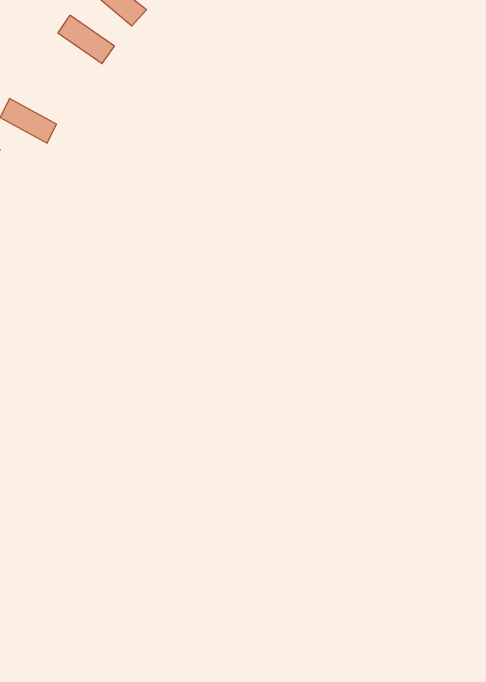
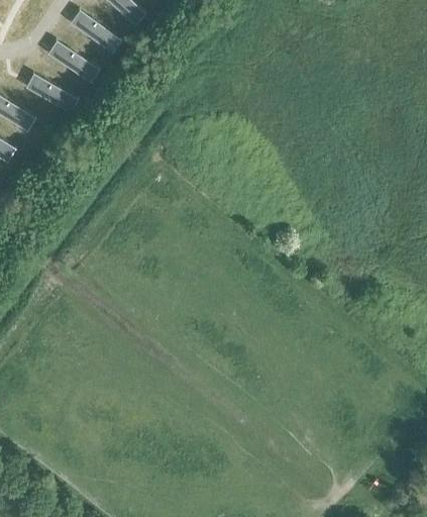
building: none -> [54,44,96,80]

